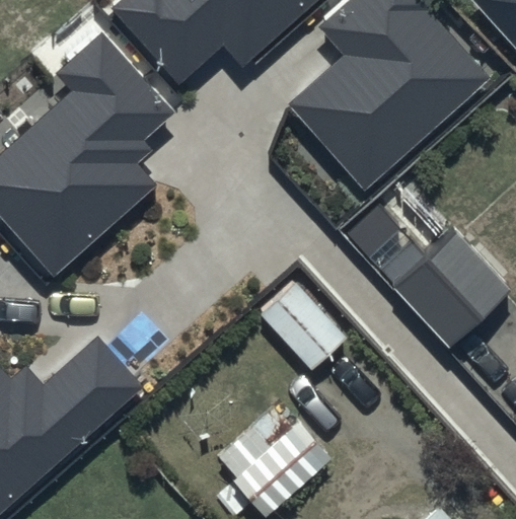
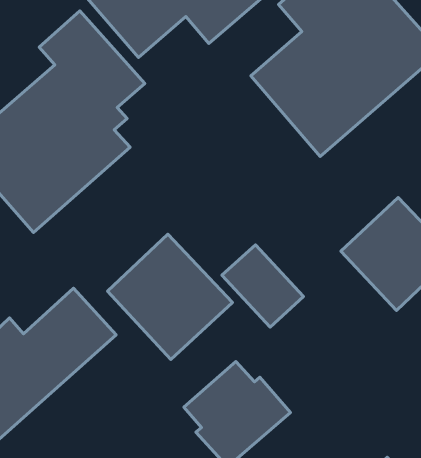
building: none -> [107,234,232,360]

